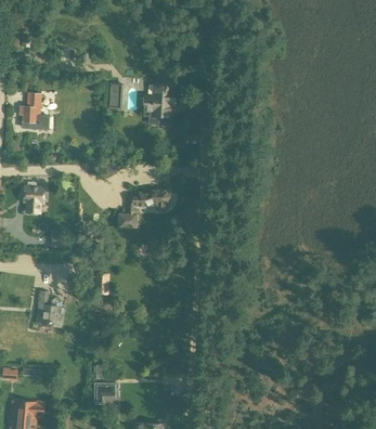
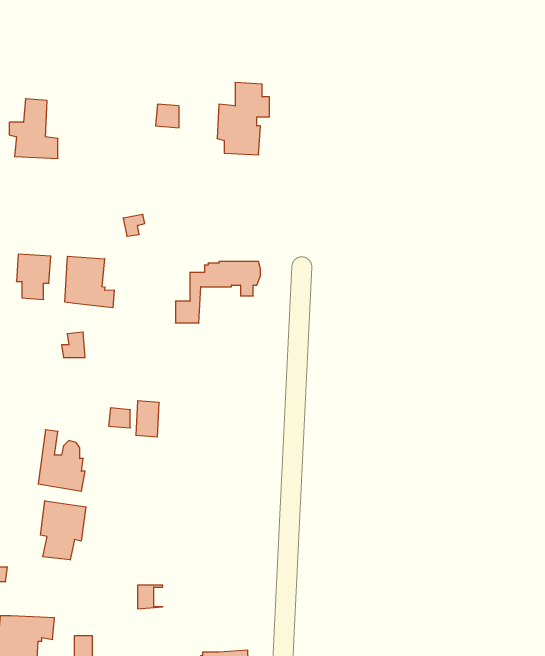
building: none -> [65,256,114,308]
building: none -> [40,501,86,560]

